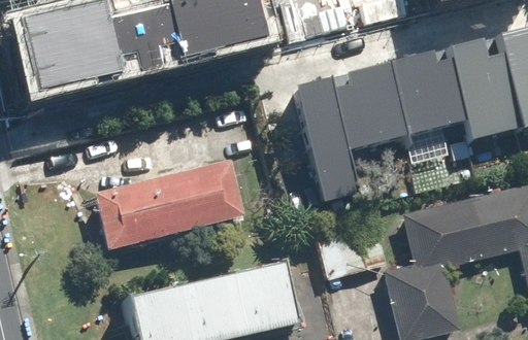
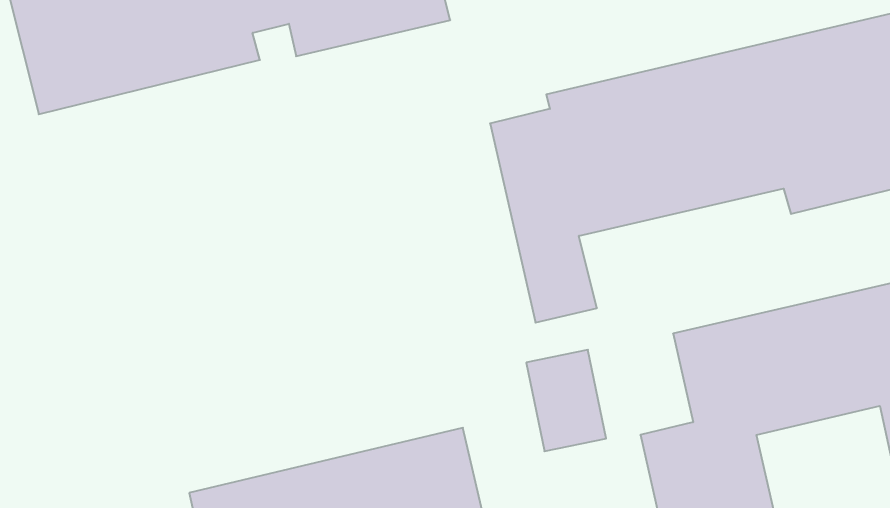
building: [96,163,242,248] -> none

